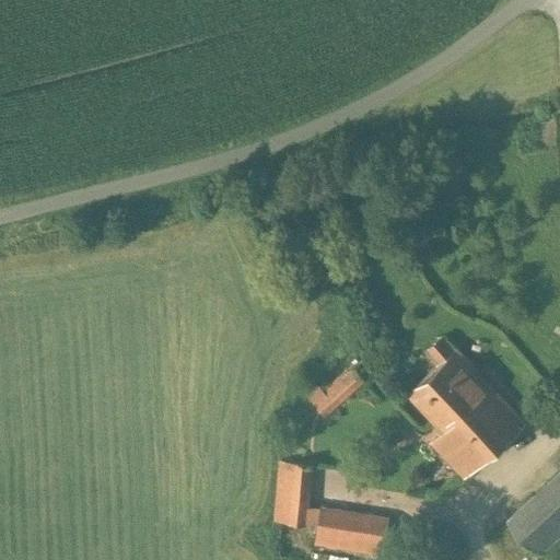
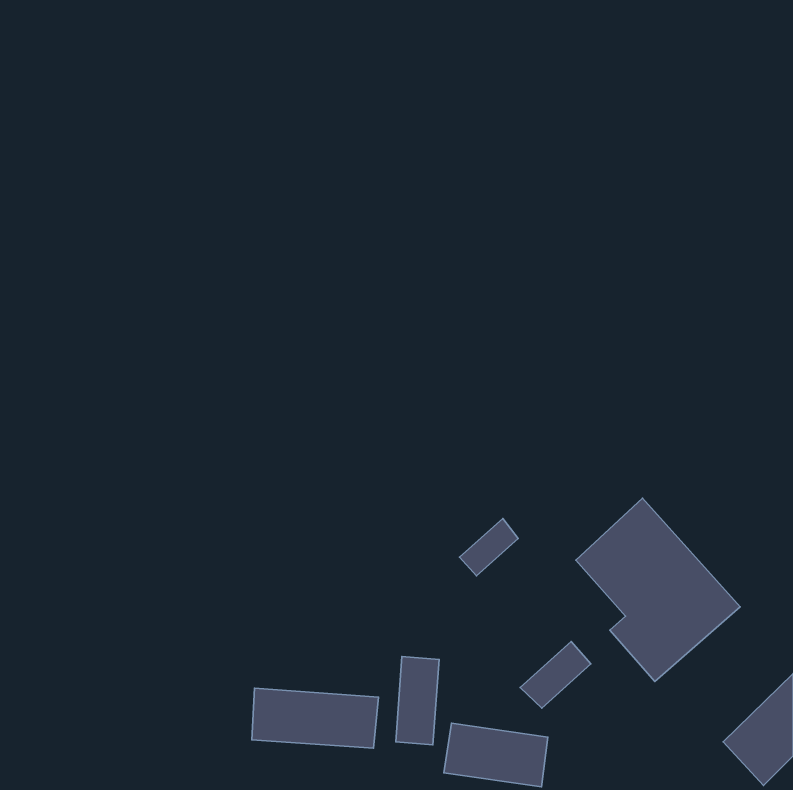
building: none -> [520,642,591,708]
building: none -> [252,688,378,748]

